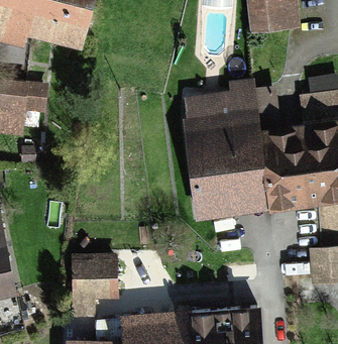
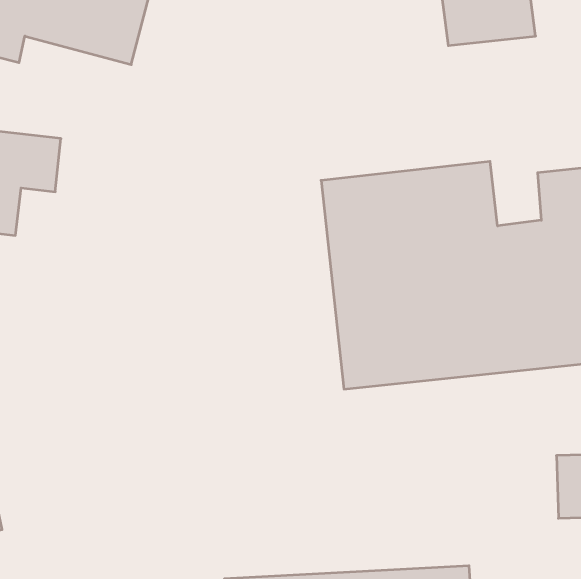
building: [69,256,115,300] -> none

